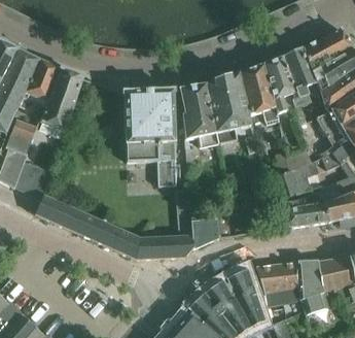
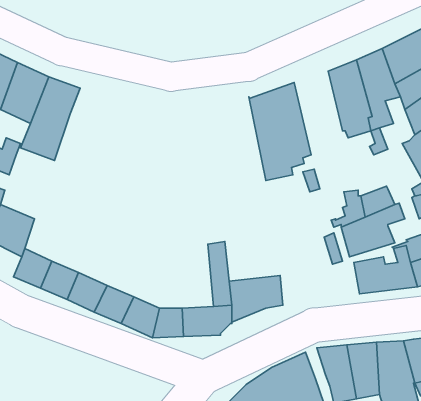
building: [239,65,280,126] -> none
building: [180,83,218,167] -> none
building: [123,89,175,185] -> none

